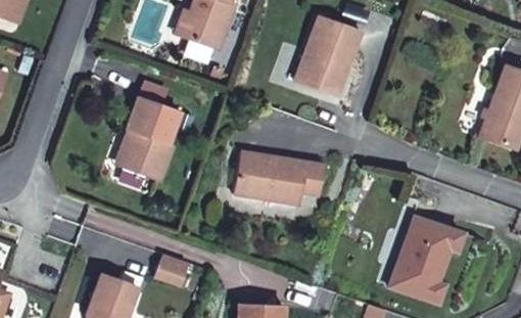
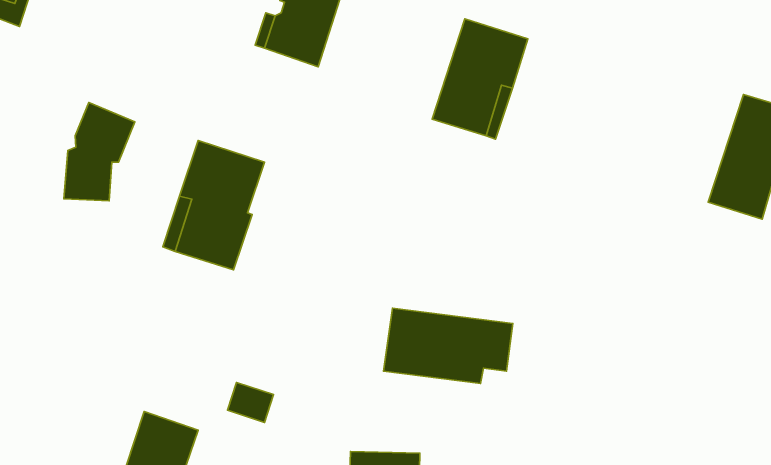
building: none -> [64,103,135,201]
building: [238,152,324,202] -> [383,308,513,384]
building: [391,215,464,302] -> none

